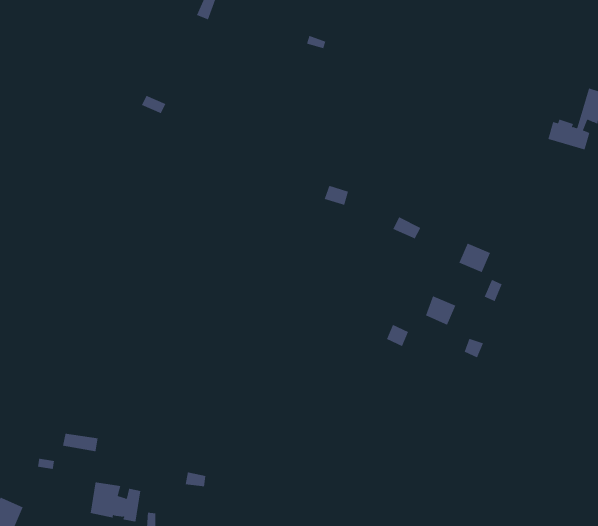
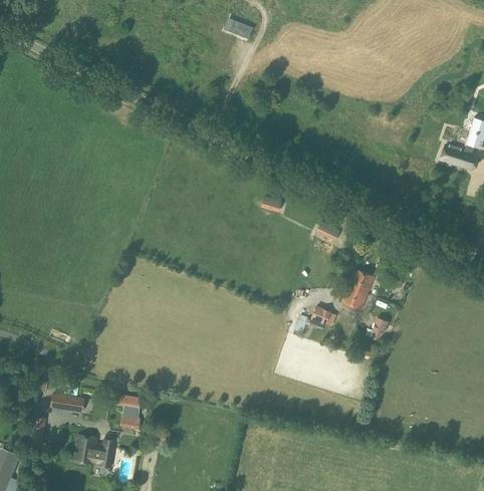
building: [458,243,491,273] -> [348,269,375,293]
building: none -> [112,393,142,428]

